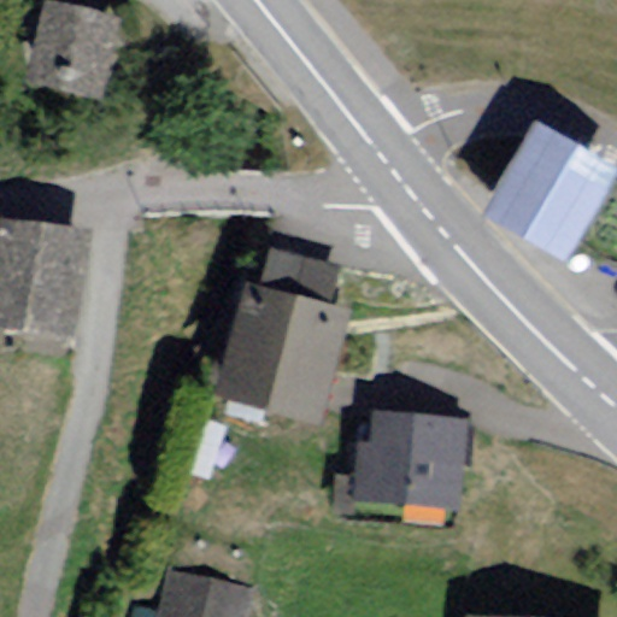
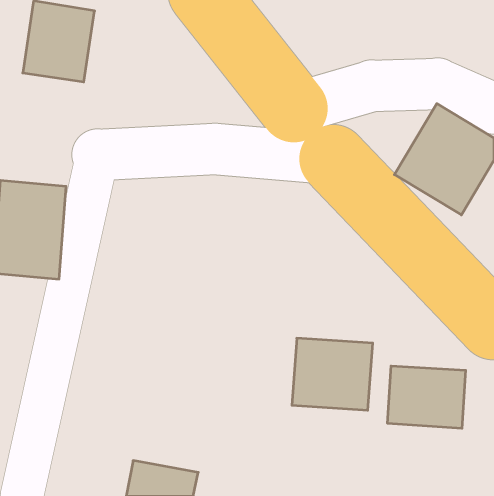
building: [217,248,349,423] -> none
building: none -> [388,366,466,428]

